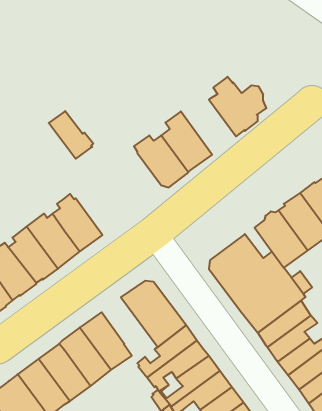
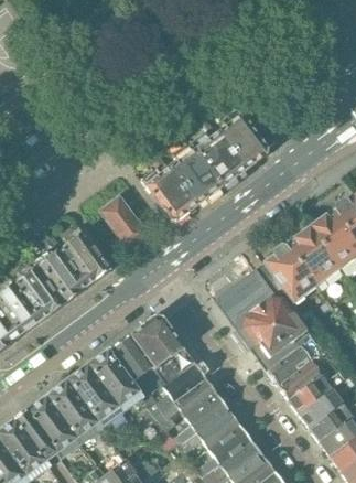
building: none -> [190,132,246,189]
building: [49,111,93,159] -> [101,198,147,247]
building: none -> [109,333,166,393]

